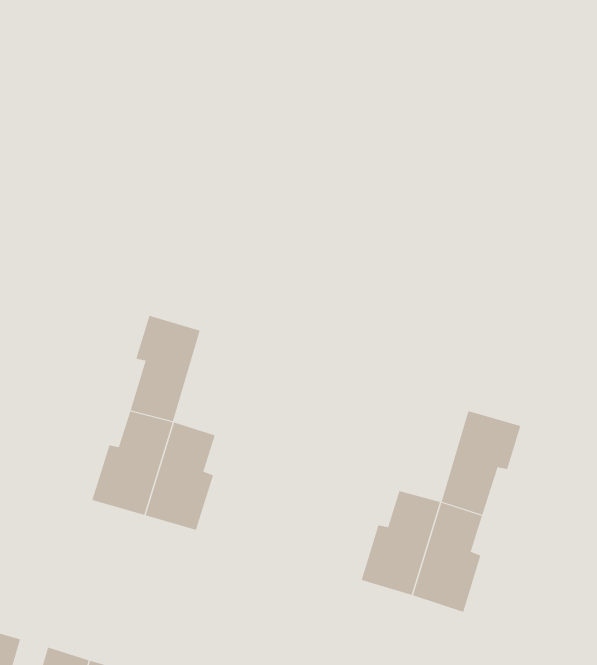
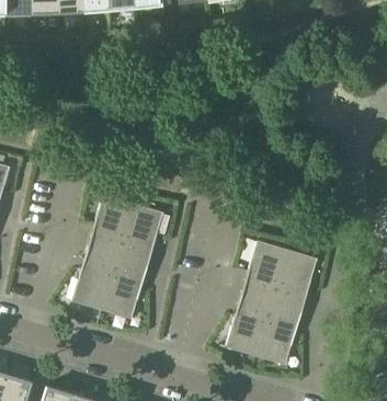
building: none -> [118,206,163,266]
building: none -> [248,243,287,305]

